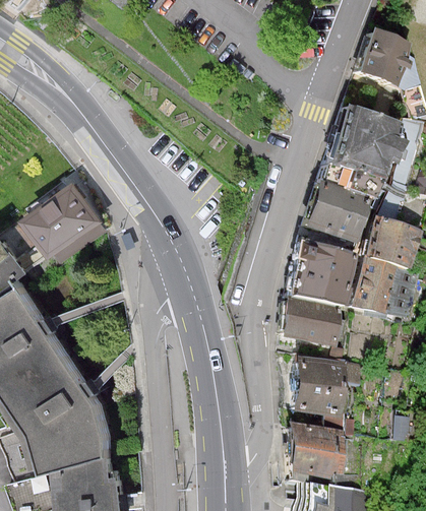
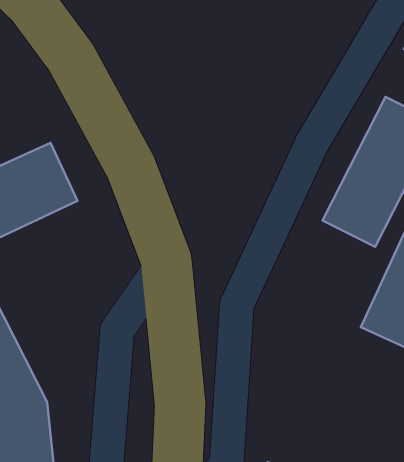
building: [293,245,352,304] -> none
building: [284,301,339,343] -> none
building: [293,363,357,412] -> none

